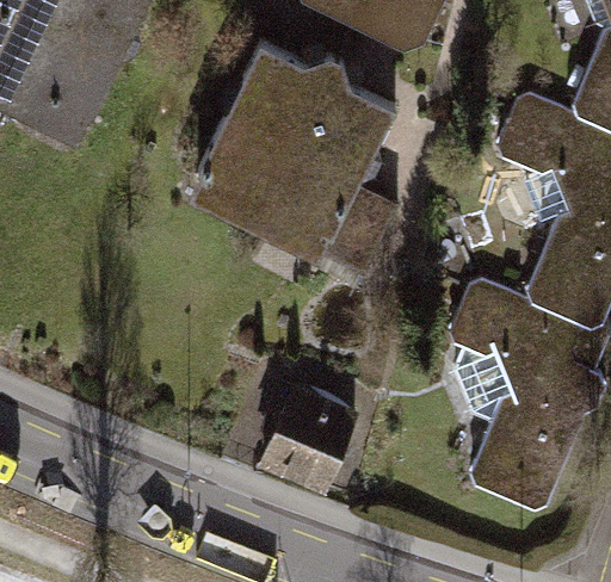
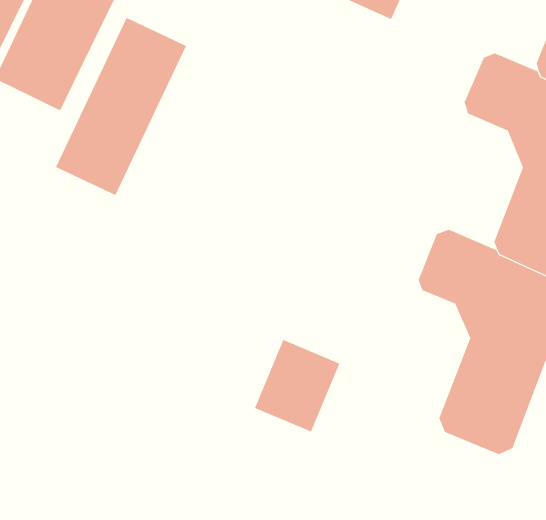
building: [180,44,317,230] -> [55,17,187,196]
building: [251,75,395,266] -> none

